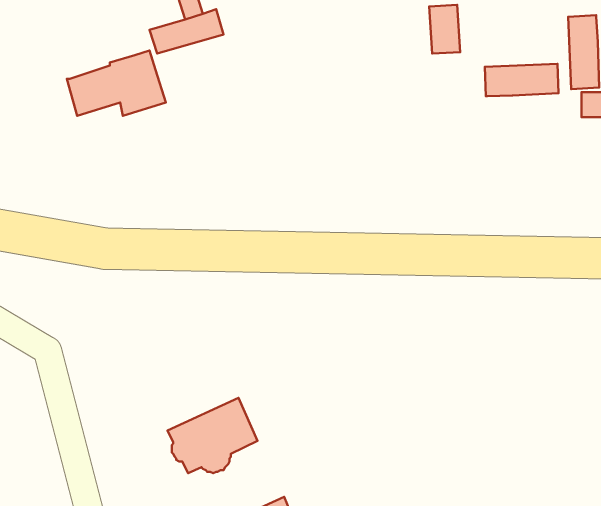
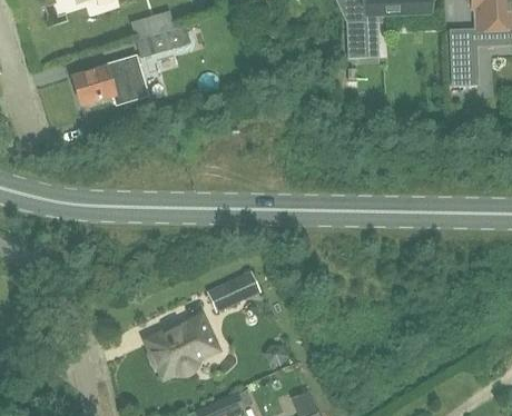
building: [485,64,558,96] -> none
building: none -> [207,271,259,311]

